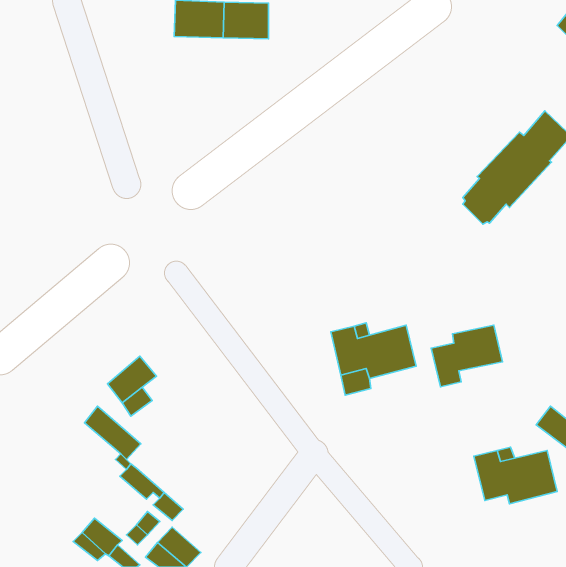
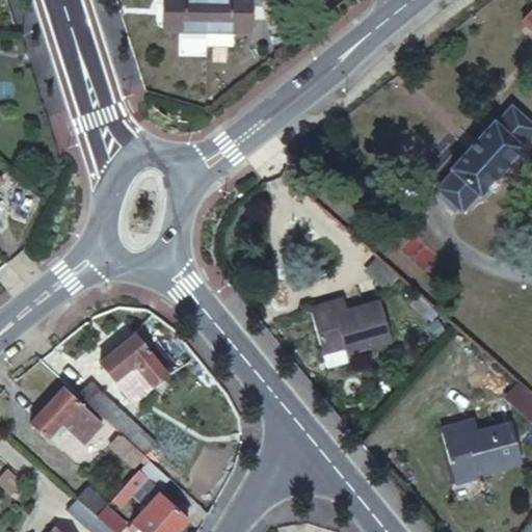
building: [431,325,502,387] -> none
building: none -> [34,391,104,438]

